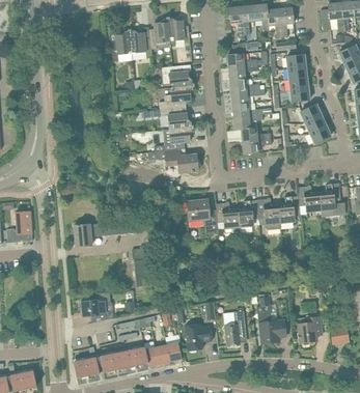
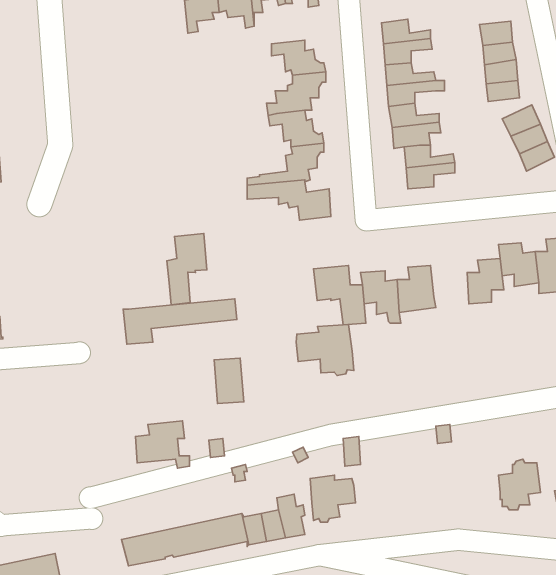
building: none -> [167,234,207,305]
building: [256,198,280,229] -> none
building: [6,210,32,243] -> none
building: none -> [296,325,354,376]
building: [224,310,246,345] -> none
building: [259,319,285,343] -> none

